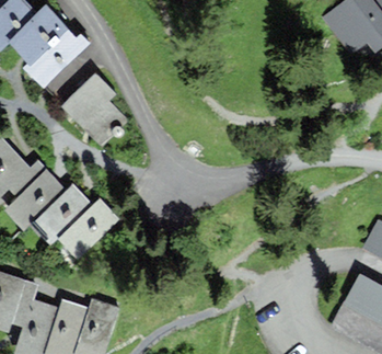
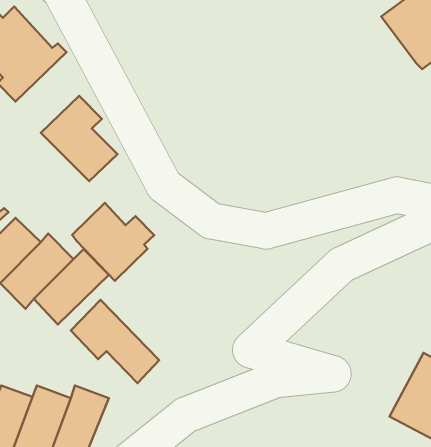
building: none -> [72,203,154,281]
building: none -> [71,300,159,383]

